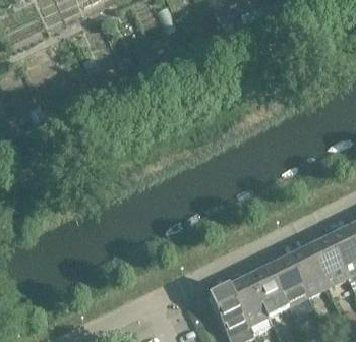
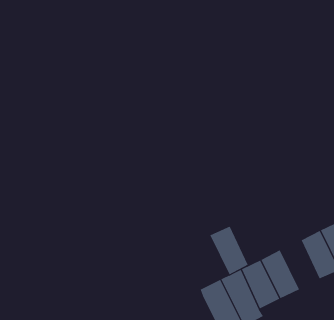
building: [289,244,328,293] -> [209,226,249,275]

